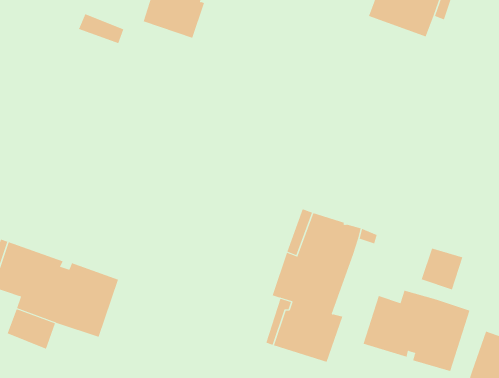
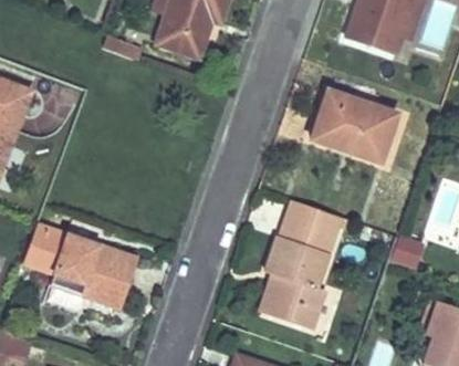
building: none -> [310,90,396,161]
building: [363,290,470,372] -> none

